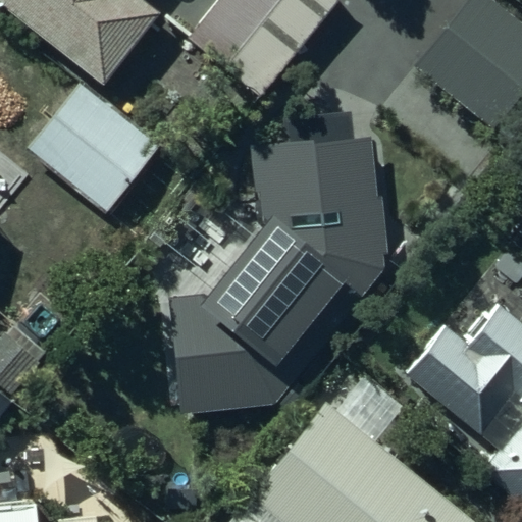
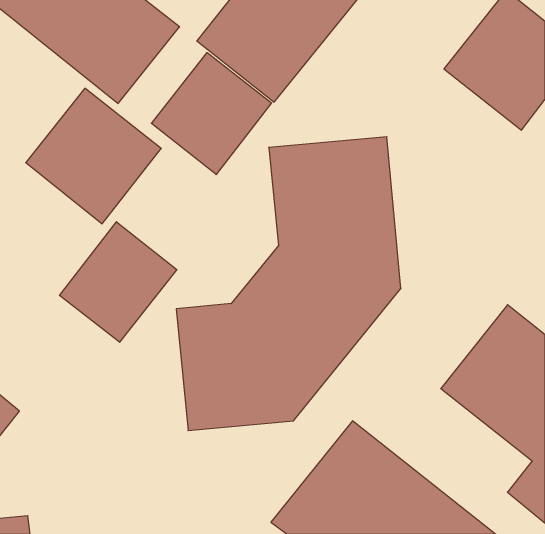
building: none -> [151,53,272,175]
building: none -> [60,222,177,342]

